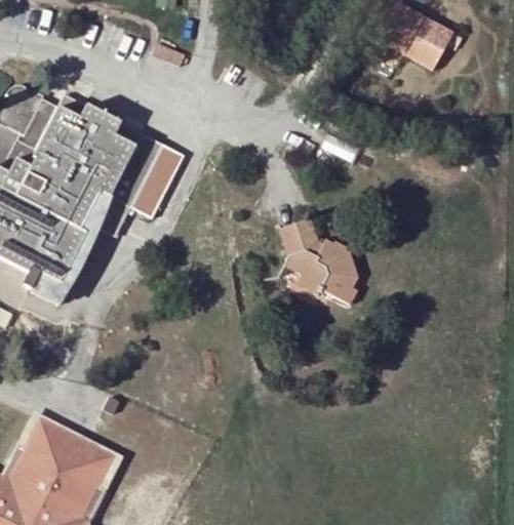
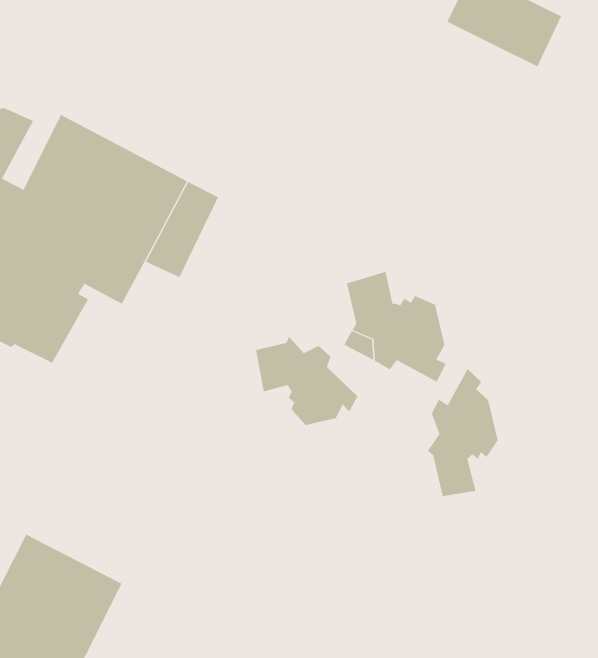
building: none -> [255,336,358,426]
building: none -> [427,368,498,497]

